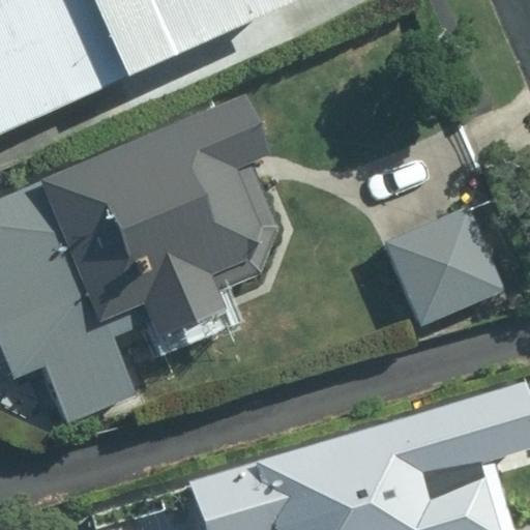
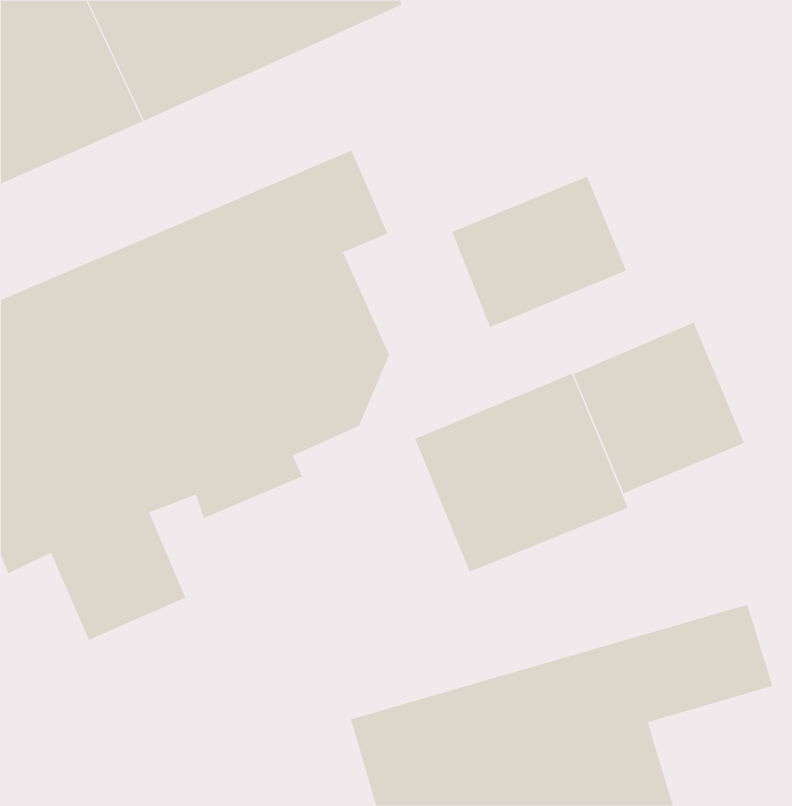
building: none -> [452,176,627,328]
building: none -> [415,373,629,573]

